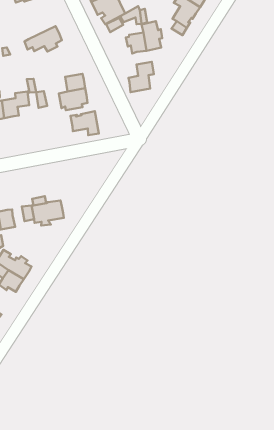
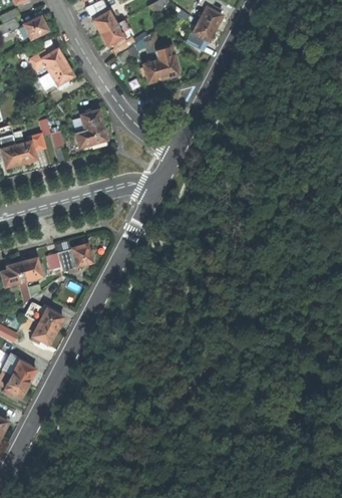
building: none -> [30,45,65,77]
building: [128,62,154,92] -> none
building: [70,111,99,135] -> none

